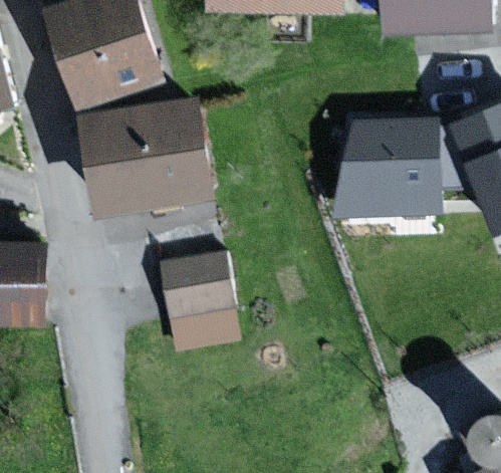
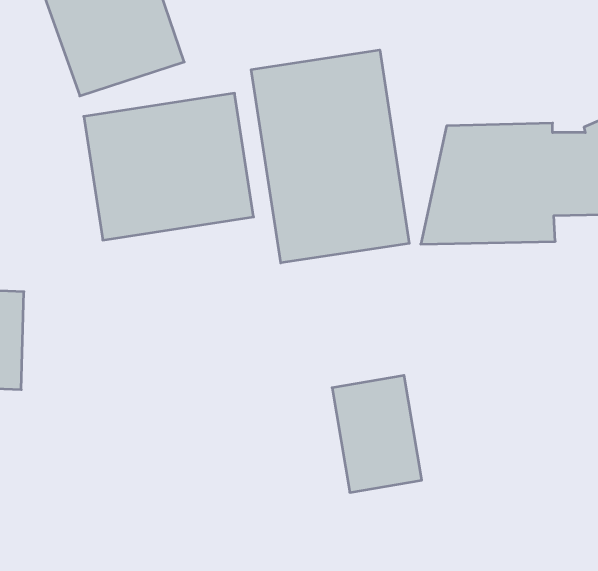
building: none -> [251,50,409,263]
building: [161,257,227,343] -> [332,375,422,492]

